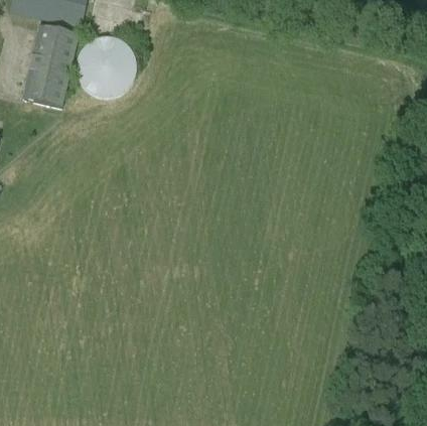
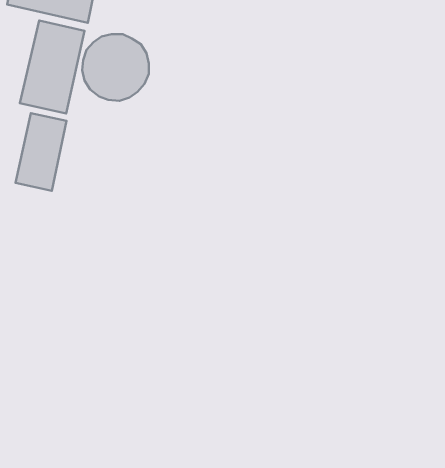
building: none -> [16,113,66,191]

